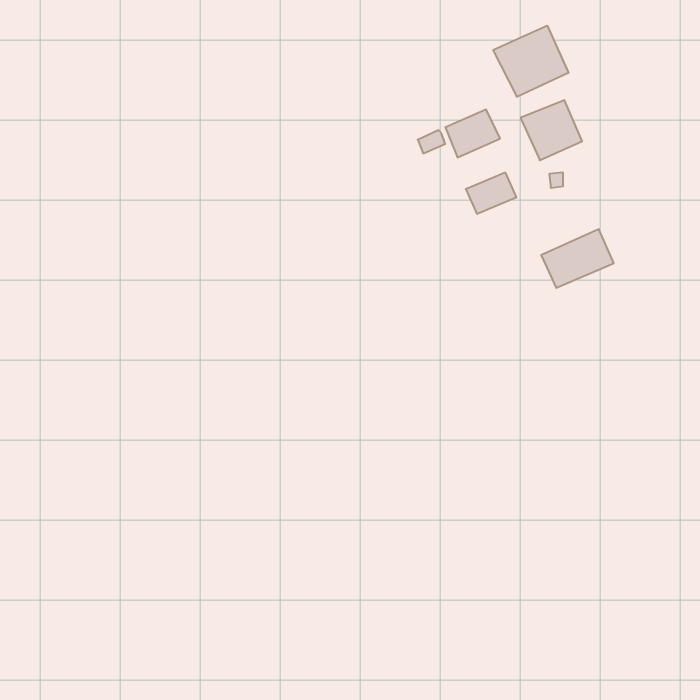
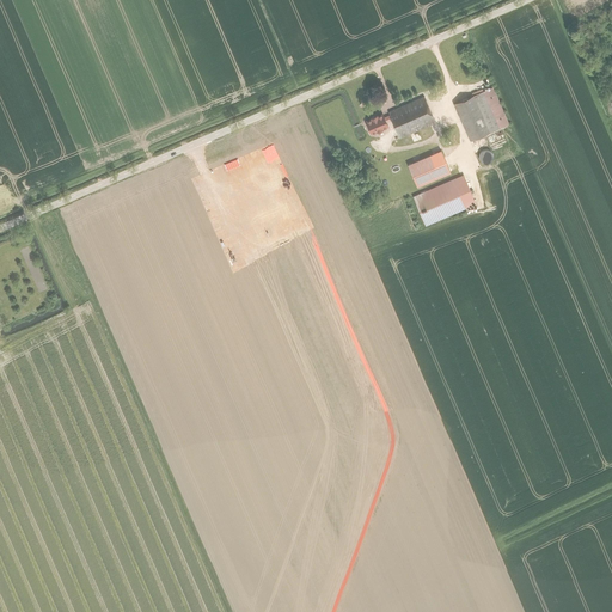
building: [493,26,568,97] -> none
building: [541,229,614,288] -> [412,175,476,226]

